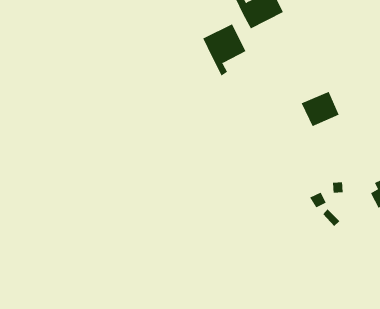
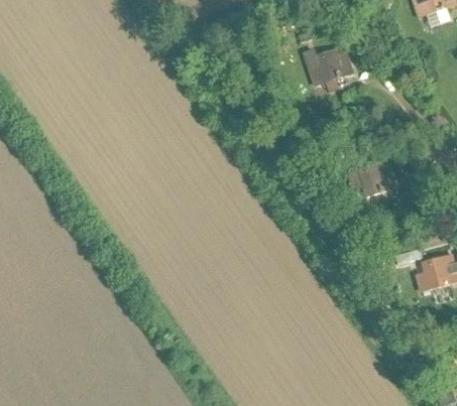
building: [202,24,246,76] -> none

